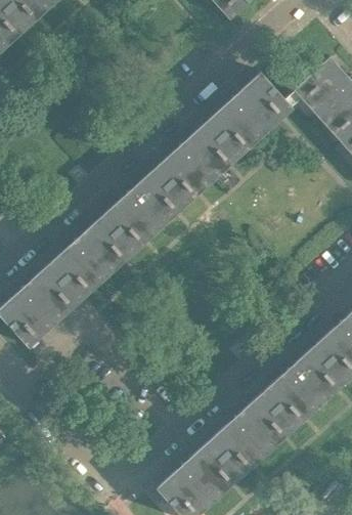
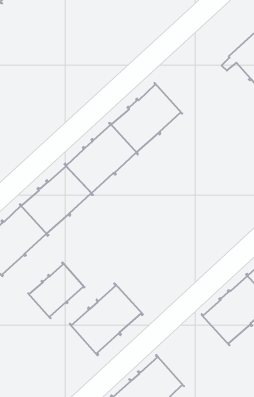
building: [207,72,294,156] -> none
building: none -> [28,262,85,318]
building: [209,391,295,475] -> [70,284,143,355]

